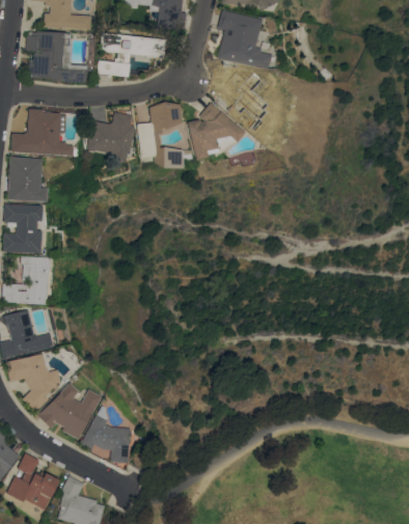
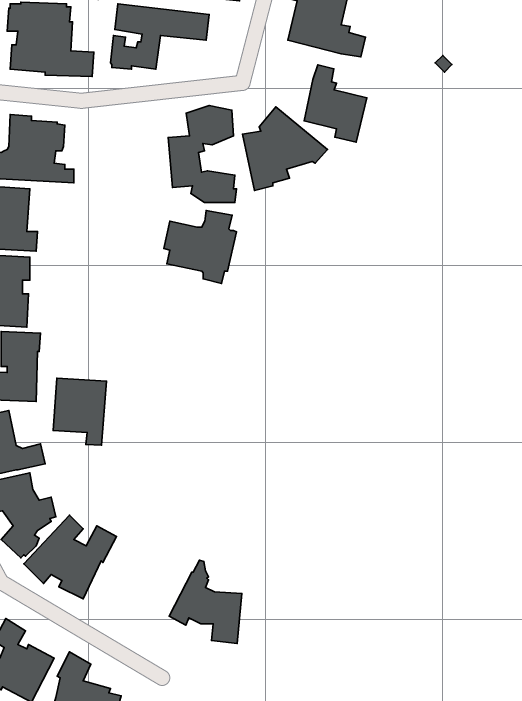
building: none -> [304,65,367,142]
building: [84,112,134,162] -> [164,211,237,283]
building: none -> [53,378,106,445]
building: [80,406,130,463] -> [169,560,242,644]

